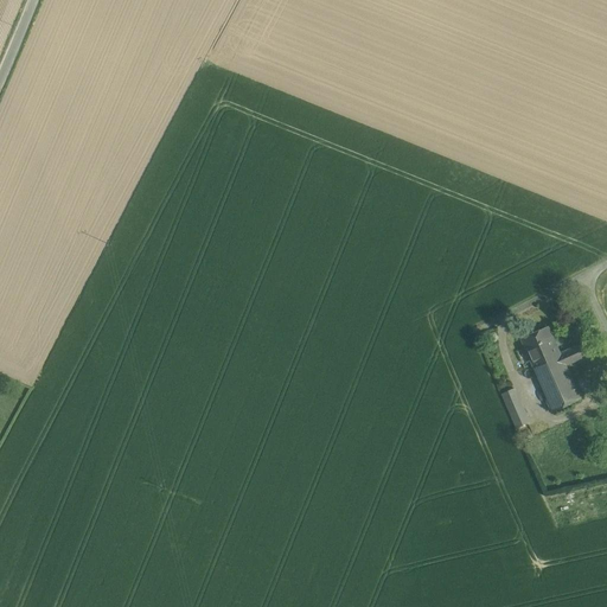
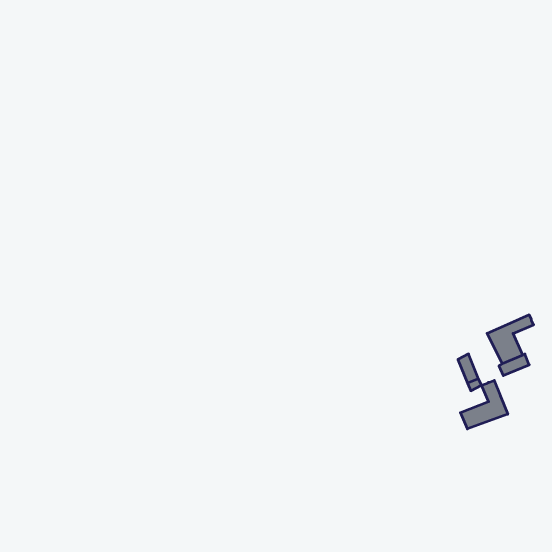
building: [522,328,558,366] -> none
building: none -> [460,380,508,429]

